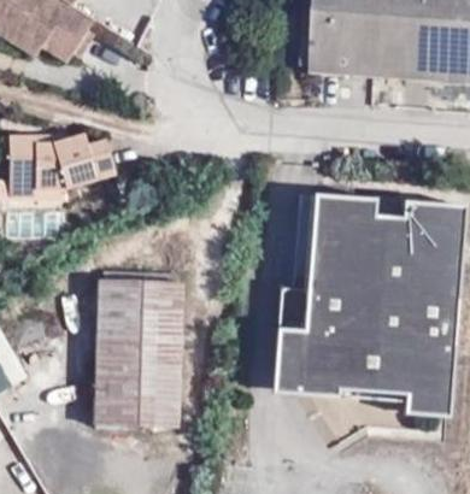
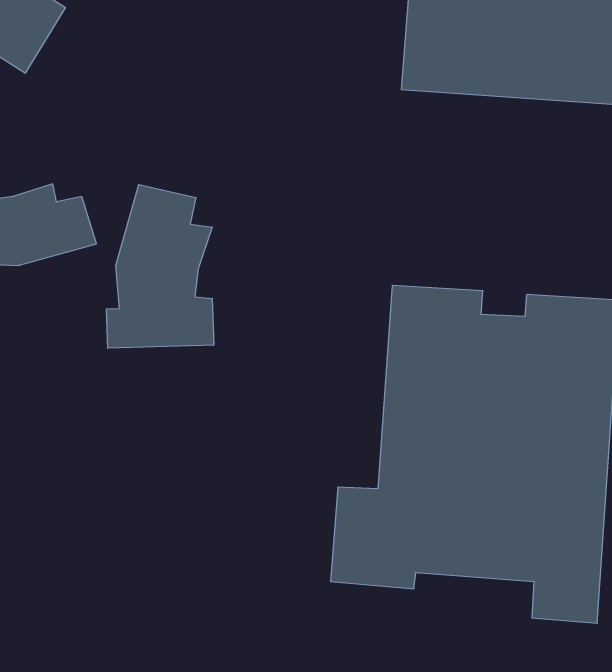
building: none -> [106,184,214,348]
building: [90,271,183,425] -> none

